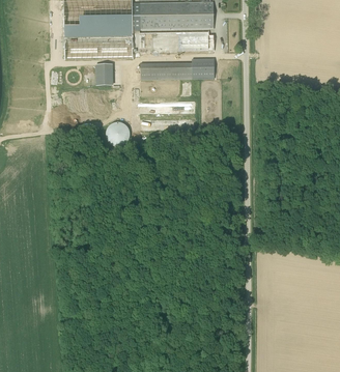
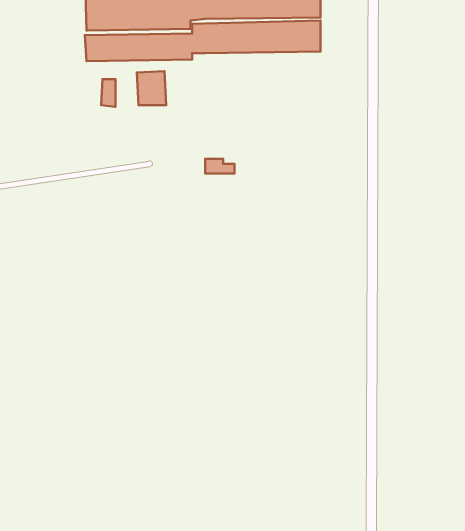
building: [140,59,215,80] -> none
building: [106,122,130,146] -> none

